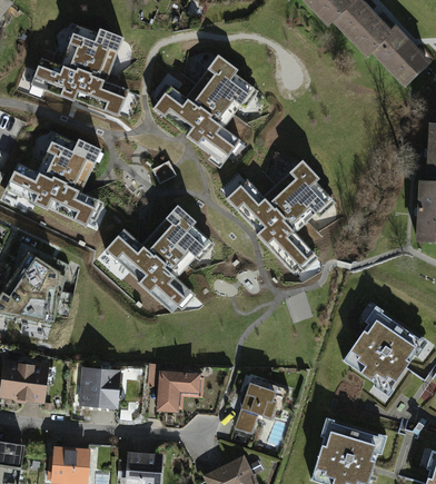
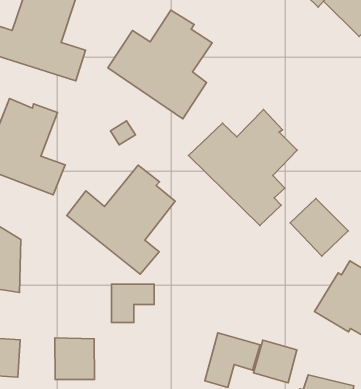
building: none -> [290,199,348,256]
building: [157,375,201,414] -> [111,284,154,323]
building: none -> [253,340,297,383]

